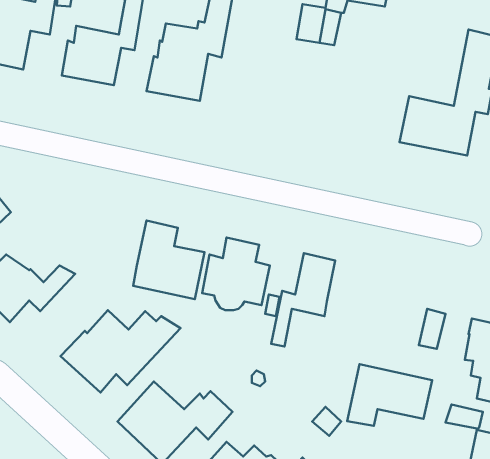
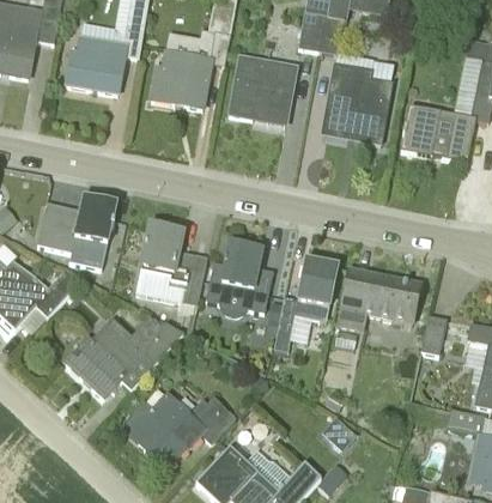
building: none -> [227,55,296,120]
building: none -> [322,62,390,144]
building: none -> [36,199,115,267]
building: [347,364,432,426] -> [336,269,420,331]

